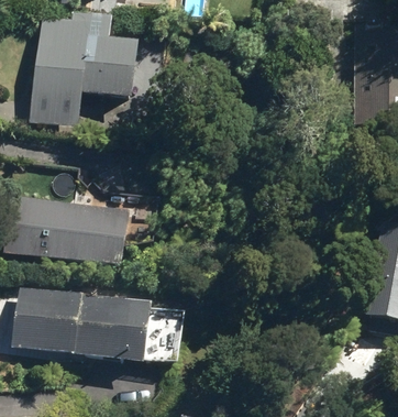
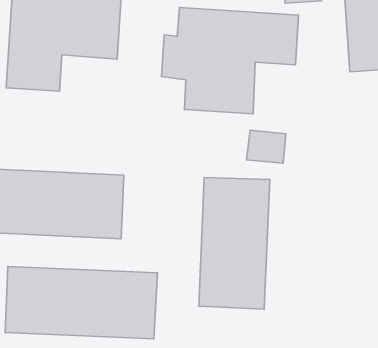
building: none -> [162,8,298,114]
building: none -> [199,178,270,309]

